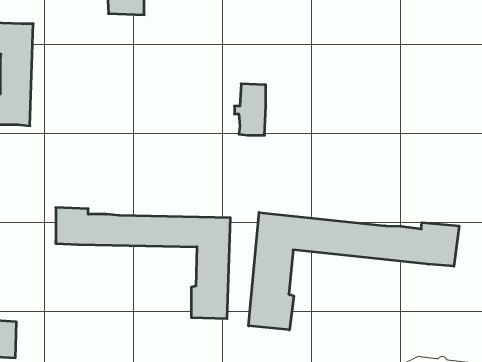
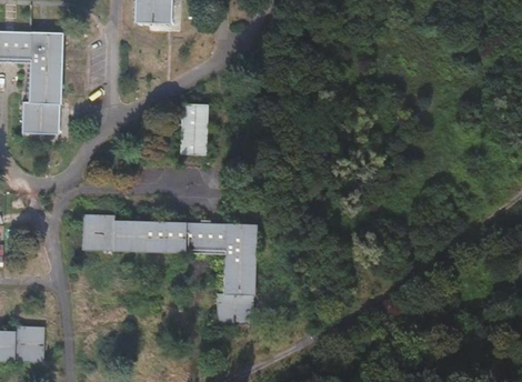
building: [234,84,266,135] -> [177,102,208,153]
building: [249,212,459,330] -> none

